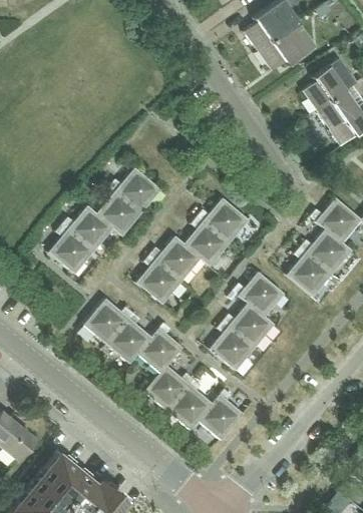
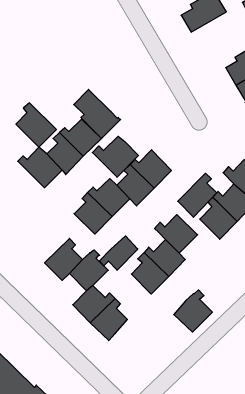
building: [258,23,314,70] -> none
building: none -> [74,89,121,139]
building: none -> [92,136,138,177]
building: none -> [178,173,217,217]
building: [49,224,98,277] -> [16,103,56,147]
building: [83,298,133,344] -> none
building: none -> [99,236,138,270]
building: [199,389,245,440] -> [174,290,212,332]

